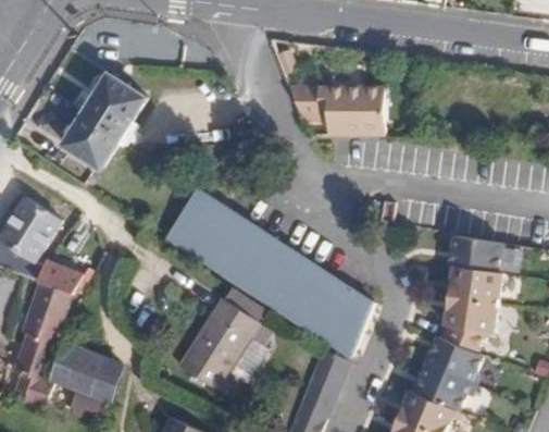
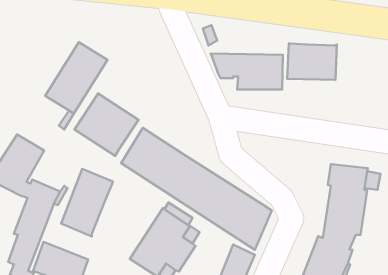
building: none -> [287,43,337,80]
building: none -> [75,94,139,156]
building: none -> [61,169,113,236]

